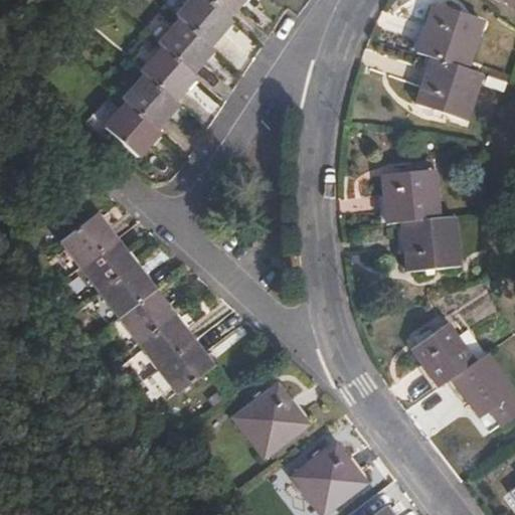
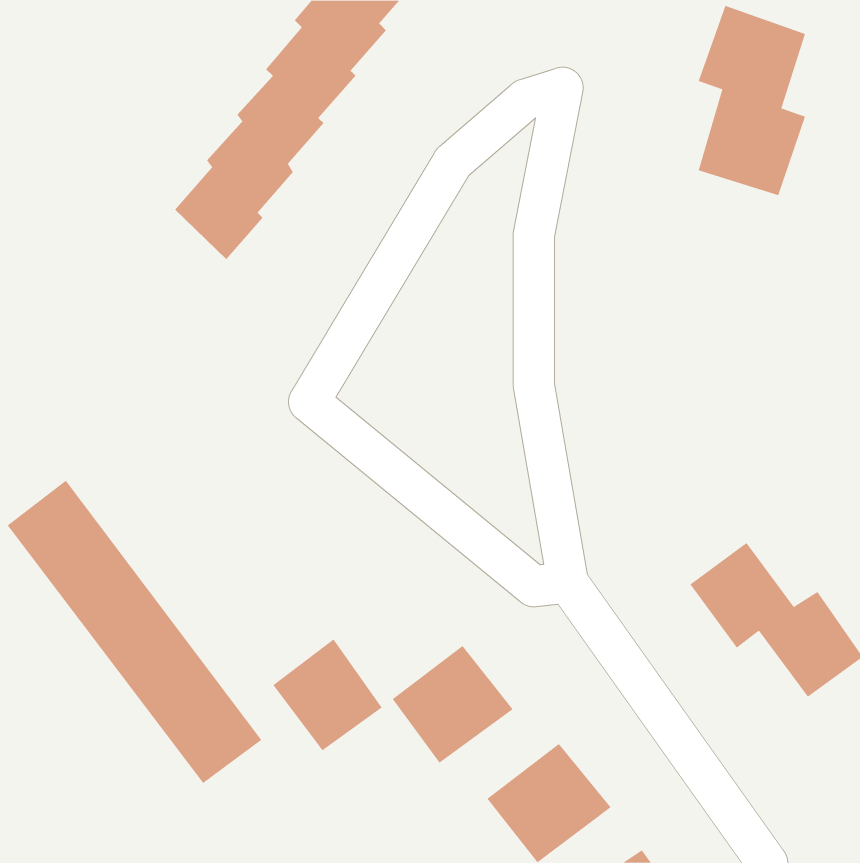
building: [383,169,460,270] -> none
building: [60,211,212,392] -> [7,480,262,784]
building: none -> [273,638,383,751]

